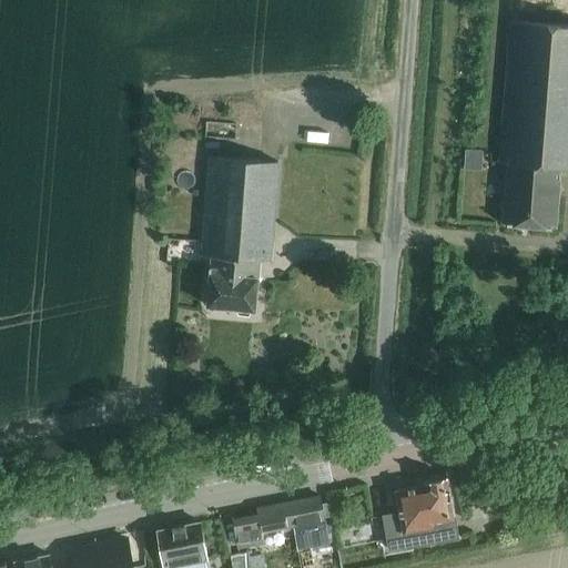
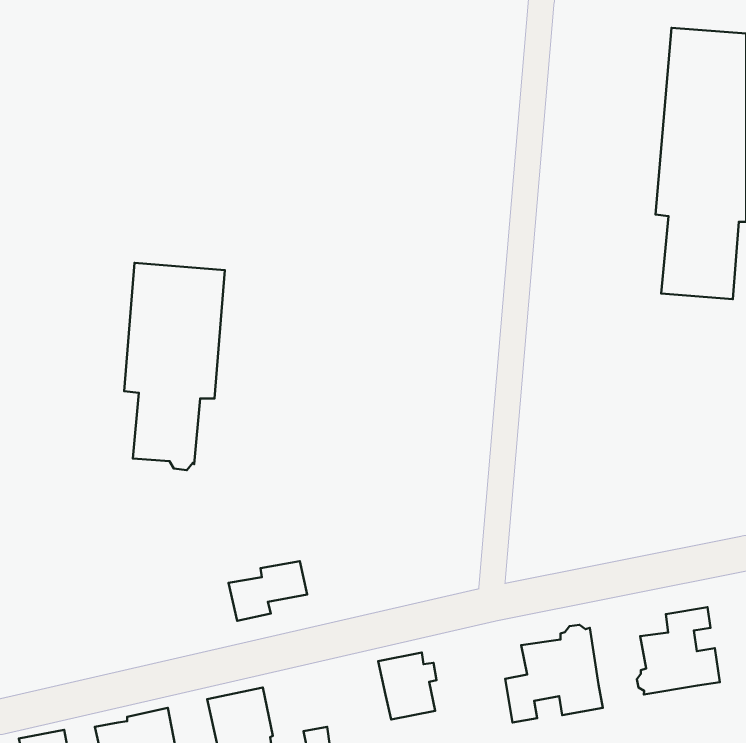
building: [202,159,278,316] -> [124,263,225,470]
building: none -> [637,607,720,695]
building: [233,505,293,550] -> [228,561,307,621]

